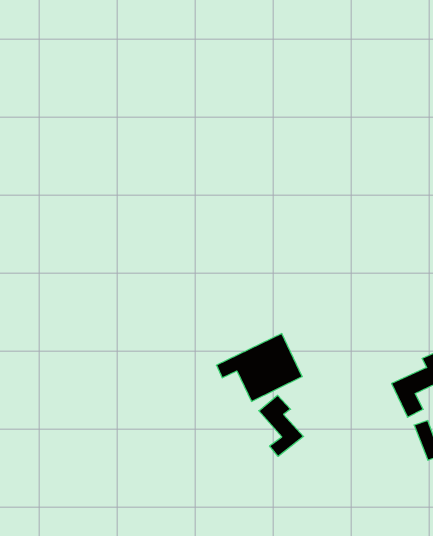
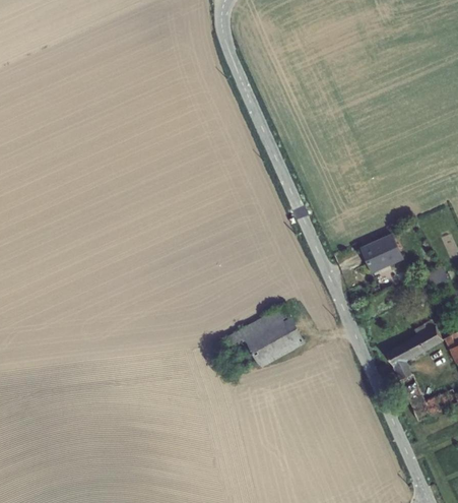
building: none -> [359,233,404,273]
building: [259,395,304,456] -> none

